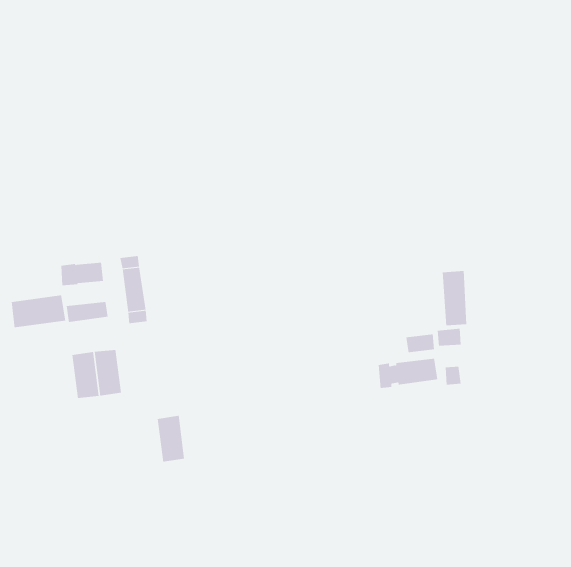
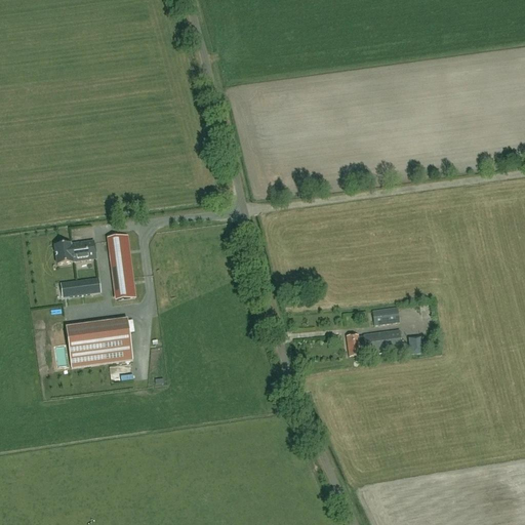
building: [442,270,467,326] -> none
building: [11,295,66,328] -> none
building: [157,415,185,462] -> [107,318,132,361]

